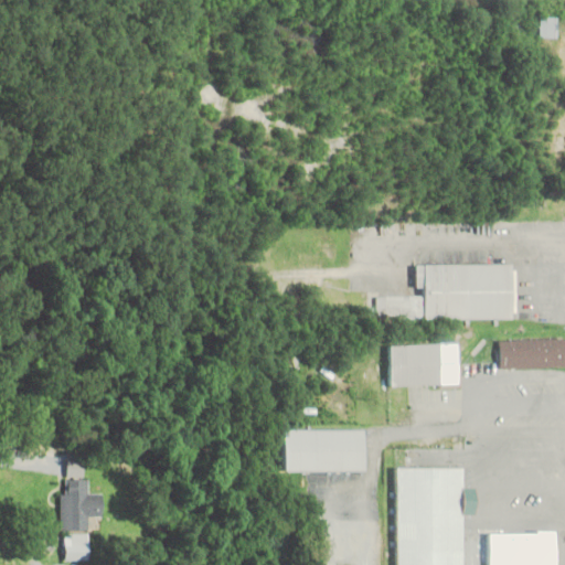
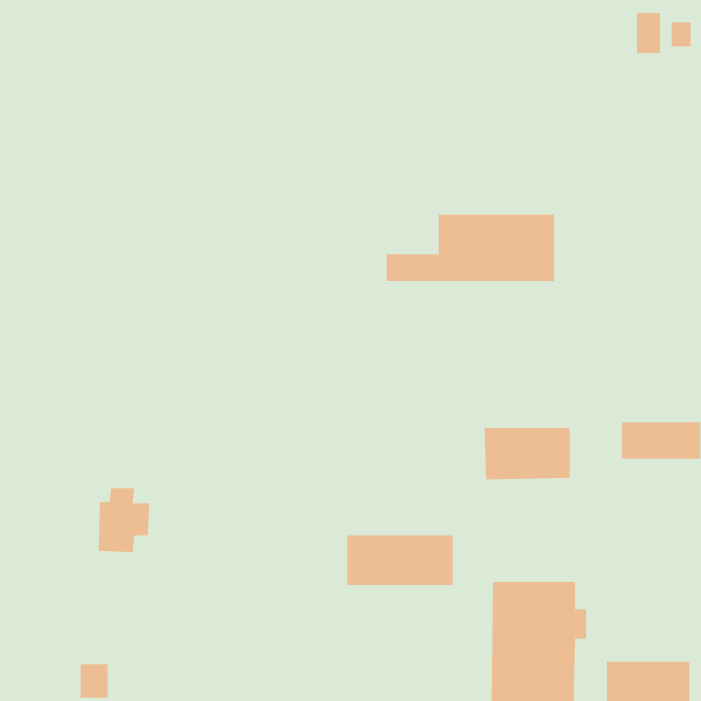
building: none -> [636,12,660,54]
building: [379,265,514,319] -> [386,214,555,281]
building: [60,480,102,532] -> [98,488,150,552]

